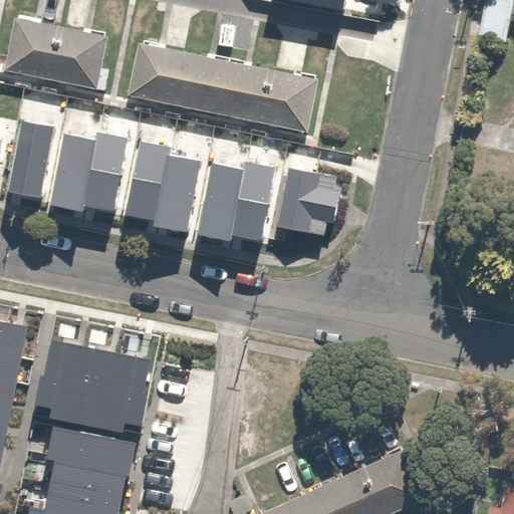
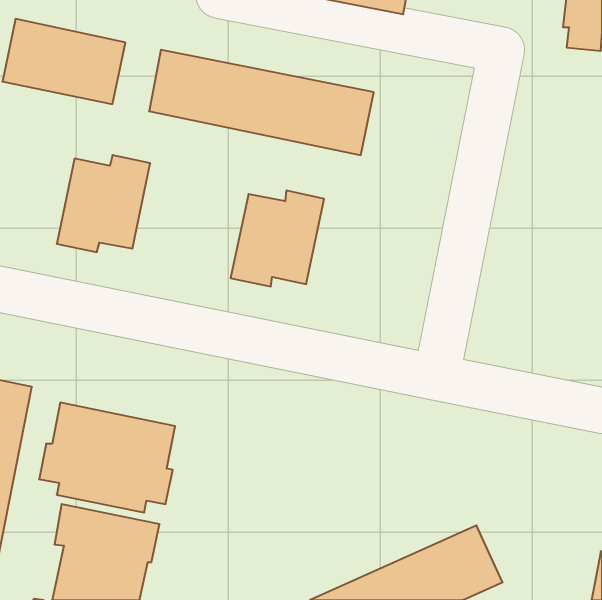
building: [7,120,54,200] -> none
building: [124,142,200,234] -> none
building: [276,167,339,235] -> none

